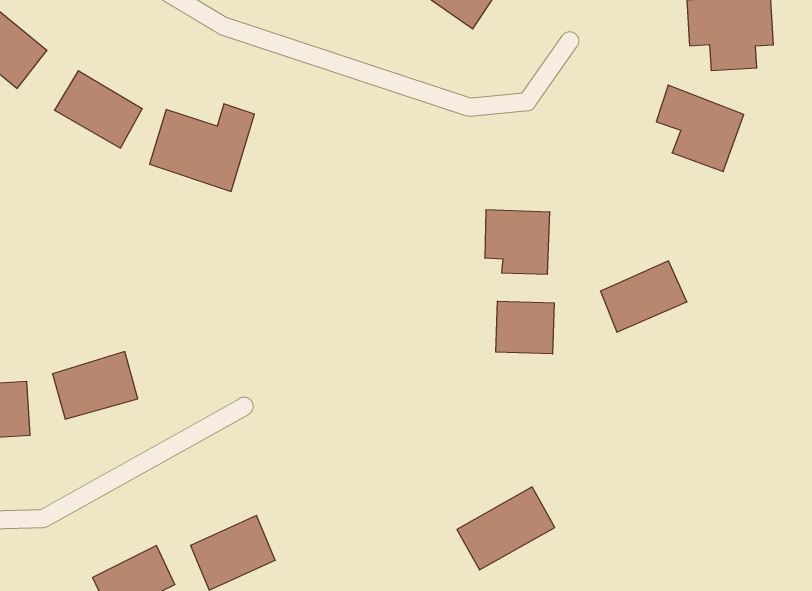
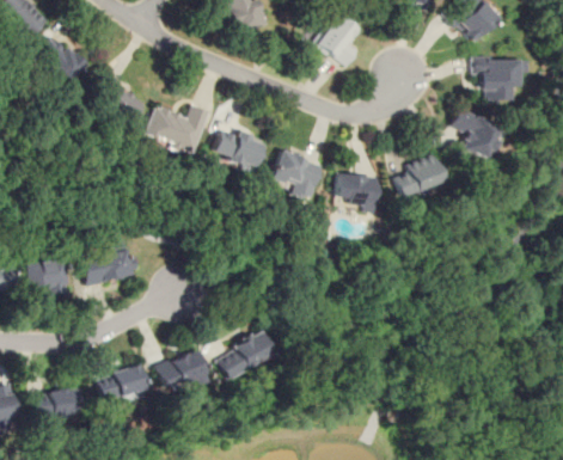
building: none -> [219,128,271,173]
building: none -> [271,147,324,196]
building: [600,261,687,332] -> [403,158,454,198]
building: [496,301,554,354] -> none
building: [457,487,555,570] -> [216,331,275,379]

